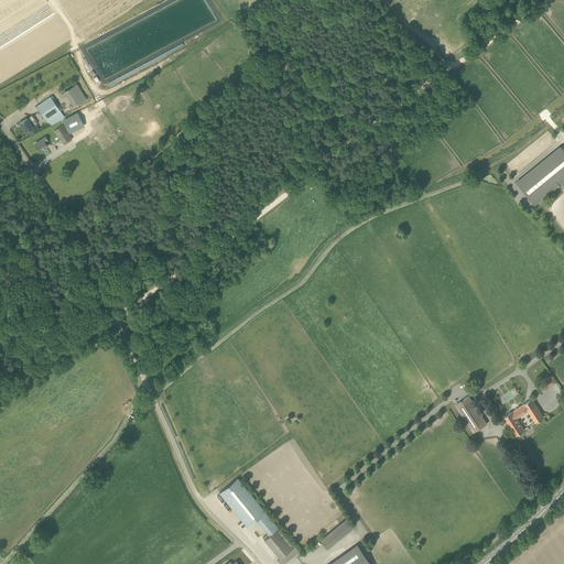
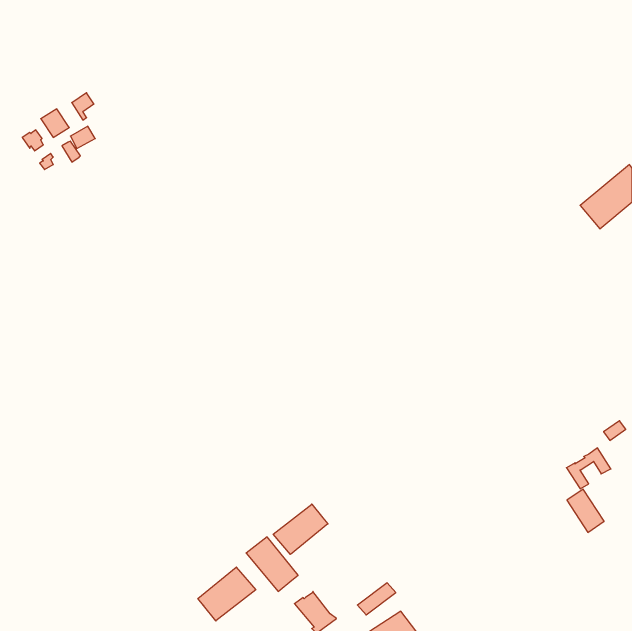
building: [455,395,488,434] -> [567,489,604,532]
building: none -> [273,504,328,554]
building: none -> [198,567,256,621]

